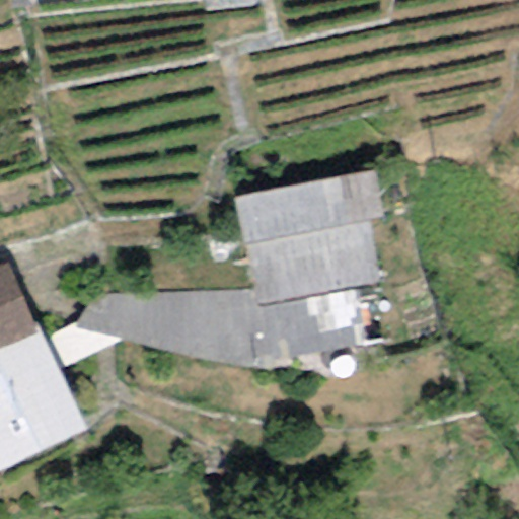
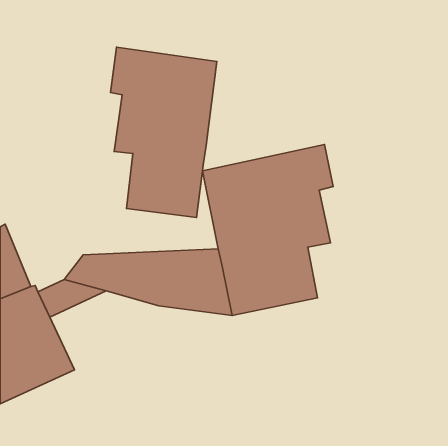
building: none -> [111,47,217,218]

